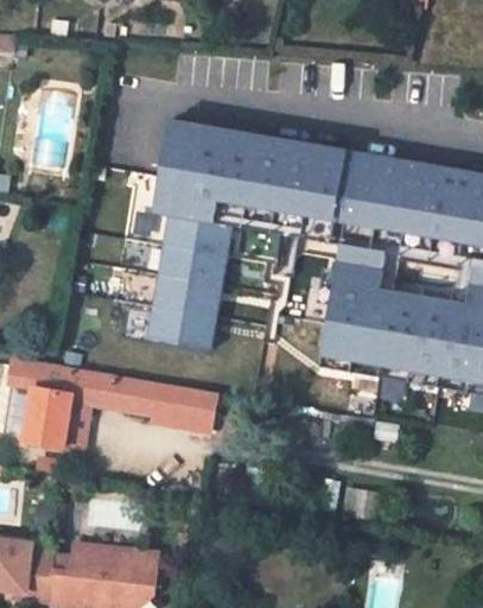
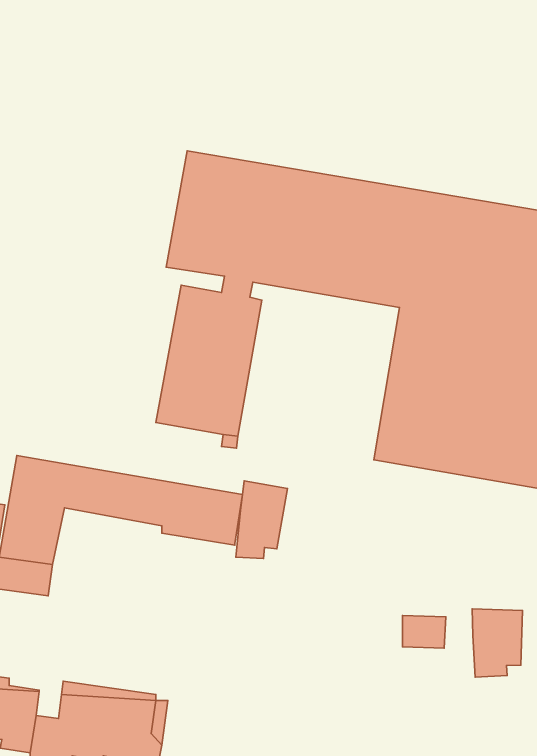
building: none -> [236,481,287,559]
building: none -> [472,609,523,677]

